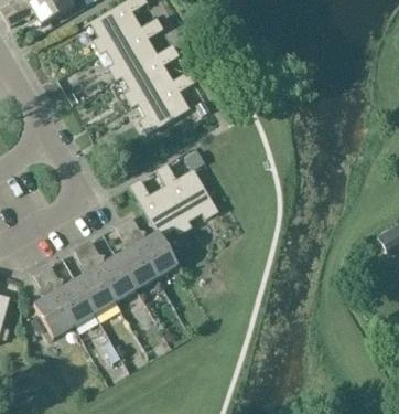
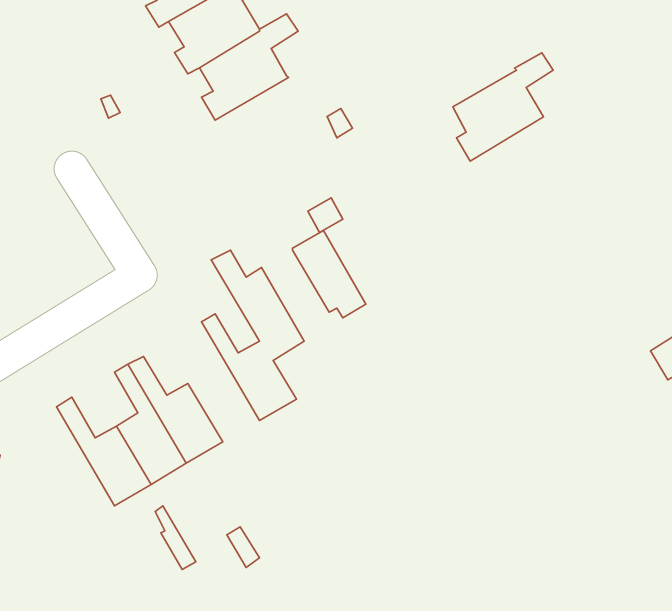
building: [137,72,194,134] -> [453,53,553,161]
building: [157,163,196,232] -> none
building: [115,221,157,289] -> none
building: [33,269,74,338] -> none

